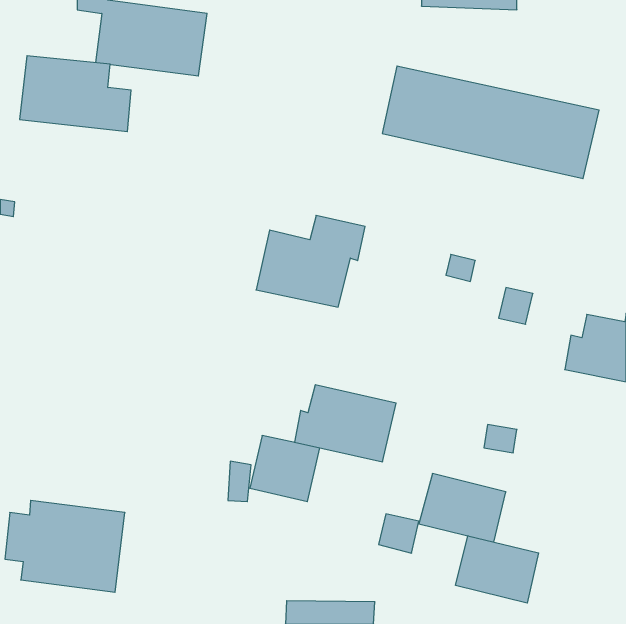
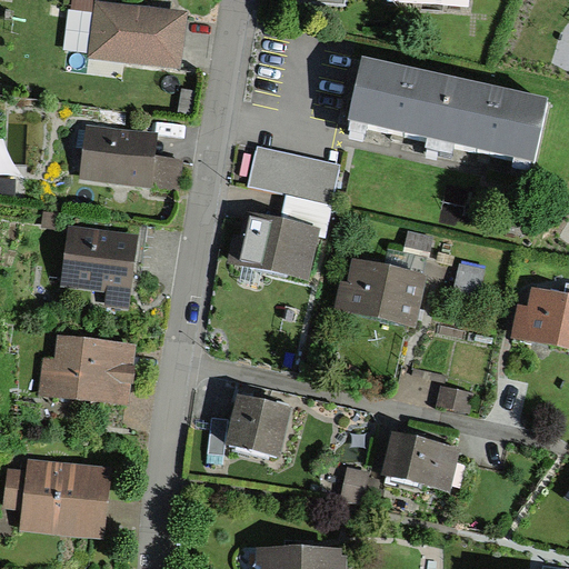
building: [20,56,131,132] -> [78,123,179,192]
building: none -> [248,146,341,206]
building: none -> [60,222,139,307]
building: none -> [41,337,136,407]
building: [294,385,396,462] -> [335,256,427,326]
building: [456,536,539,603] -> none

